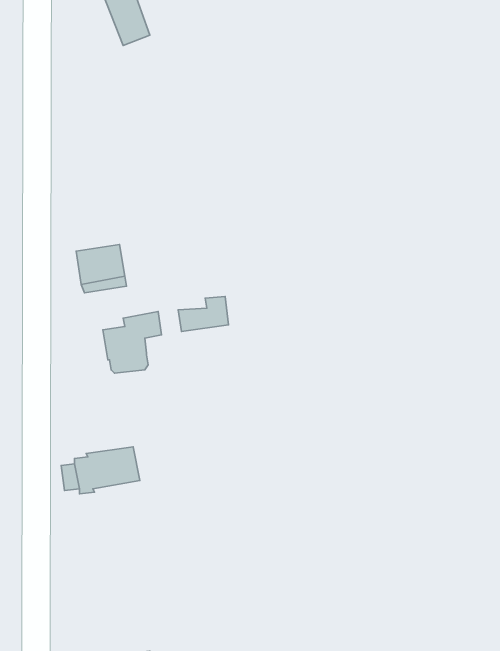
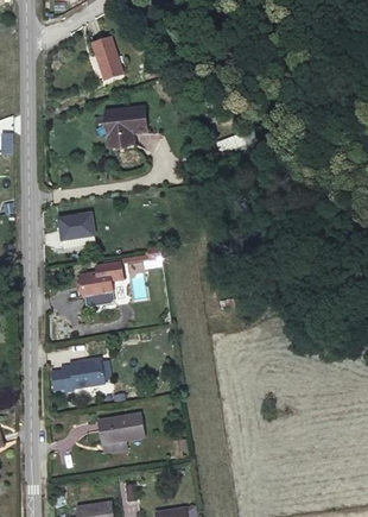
building: none -> [102,95,145,144]
building: none -> [94,410,139,439]

